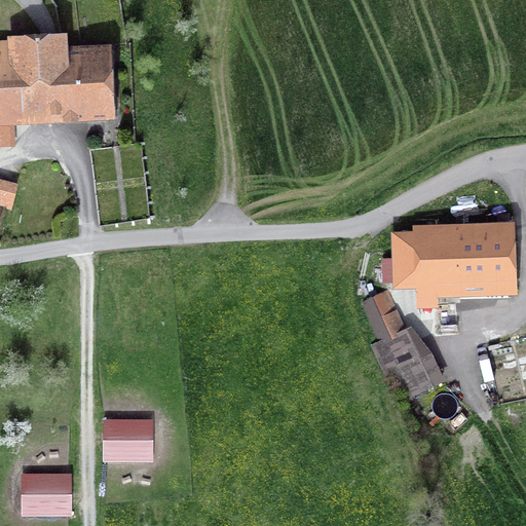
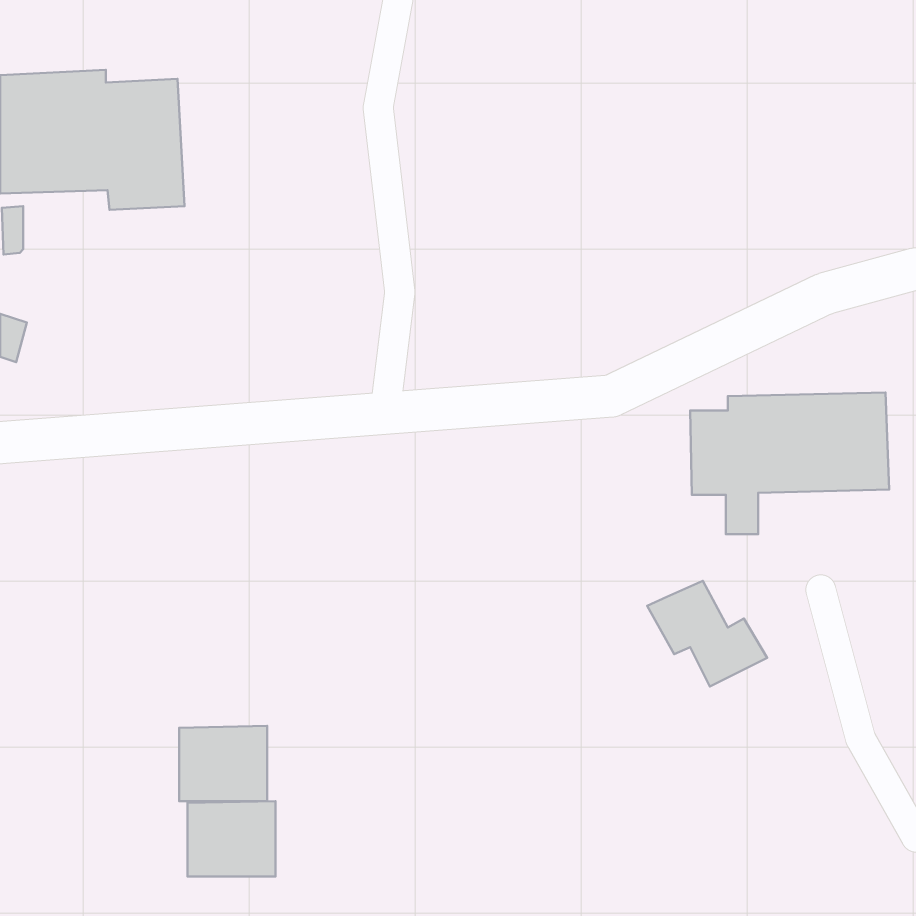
building: [364,292,403,342] -> none
building: [22,474,72,517] -> [188,801,275,876]

